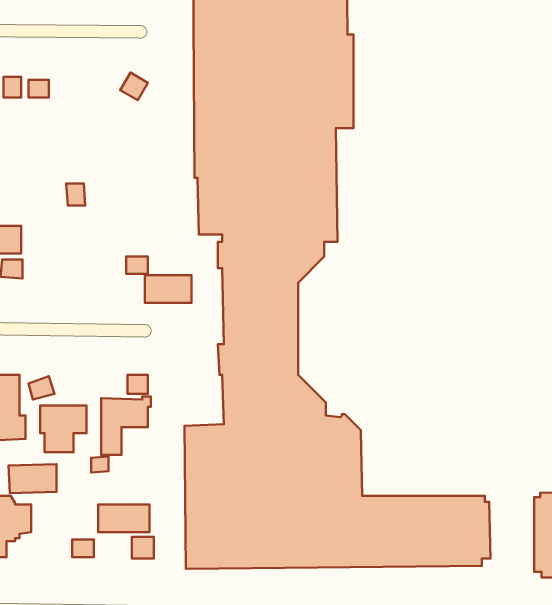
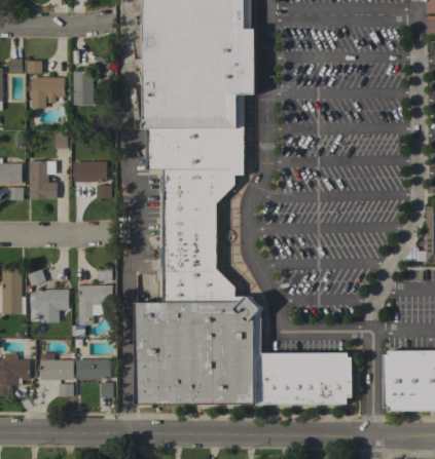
building: none -> [73,71,93,105]
building: none -> [31,77,64,108]
building: none -> [28,160,57,199]
building: [145,275,191,303] -> [73,161,106,181]
building: [8,464,57,493] -> [39,359,73,380]

